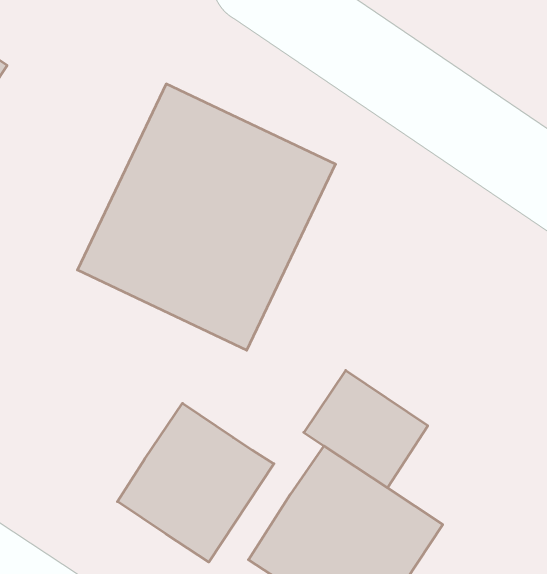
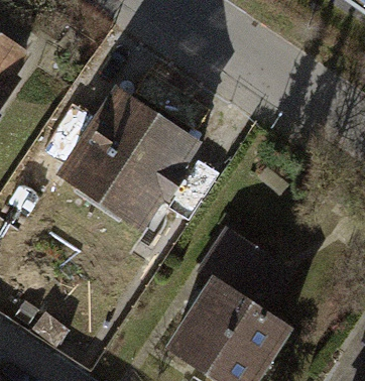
building: [117,403,274,562] -> none

